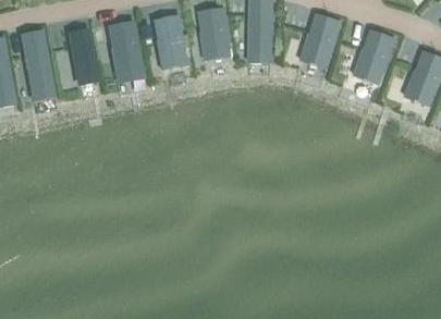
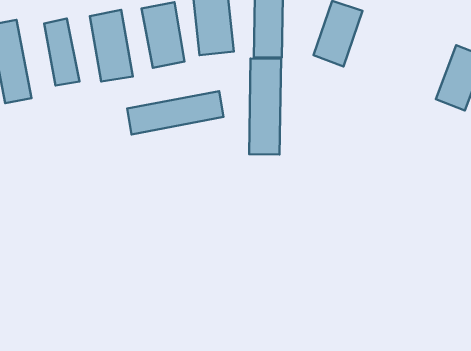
building: [353,28,396,84] -> none
building: none -> [249,58,281,155]
building: none -> [127,91,224,134]

